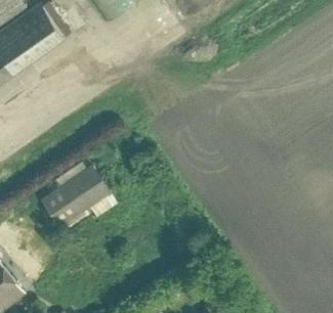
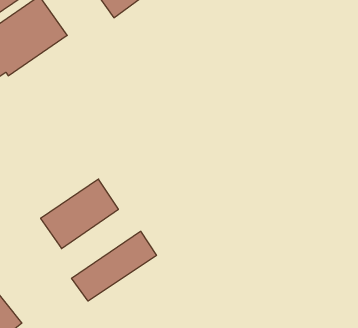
building: none -> [72,231,156,301]

